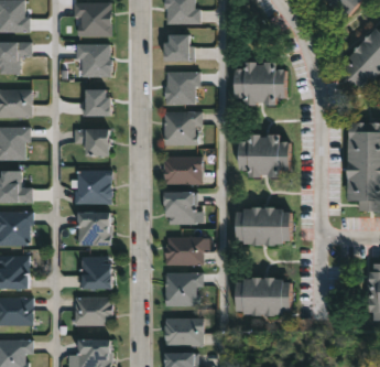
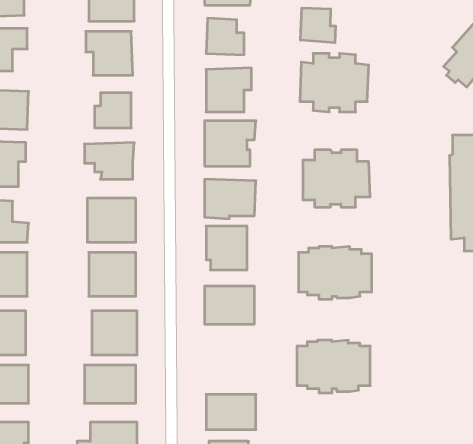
building: none -> [301,8,336,43]
building: [166,272,202,306] -> none

